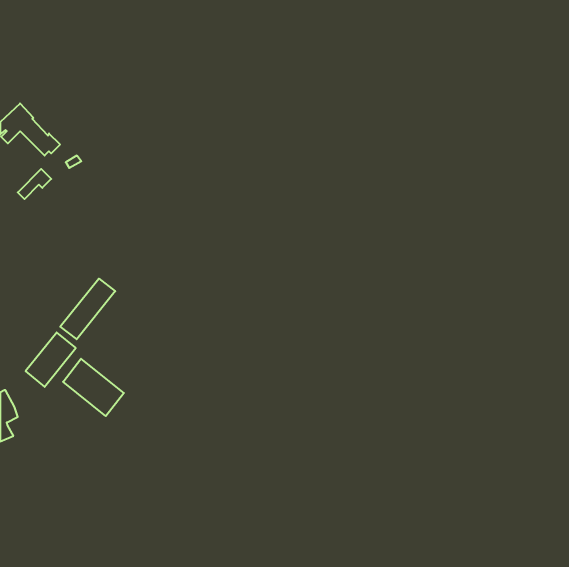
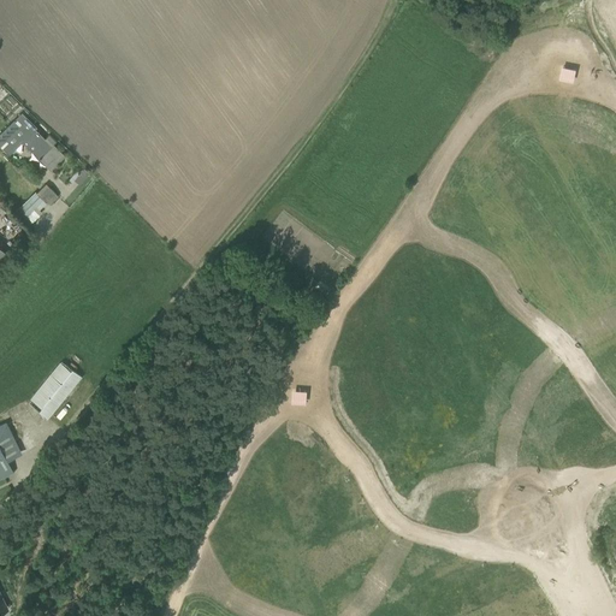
building: [60,279,115,339] -> none
building: [63,359,124,416] -> none

